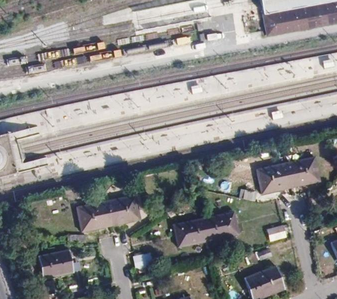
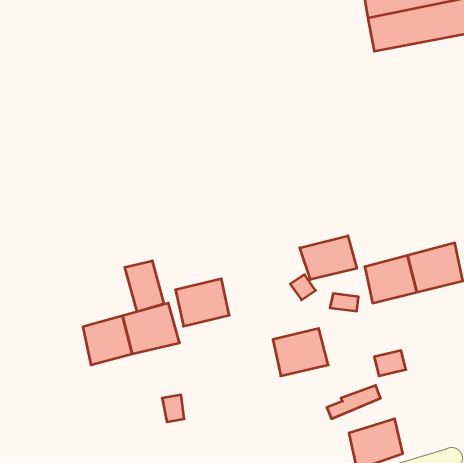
building: none -> [300,236,357,280]
building: none -> [125,261,164,312]
building: [172,218,206,248] -> [175,279,229,326]
building: [44,246,78,277] -> none

